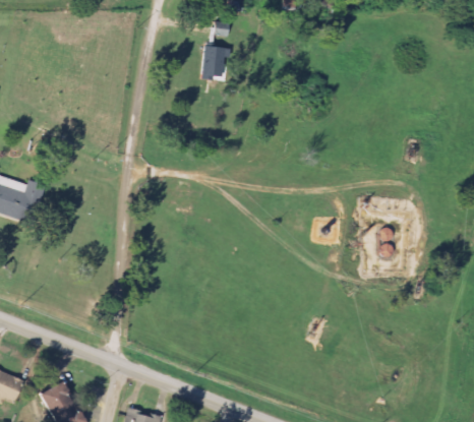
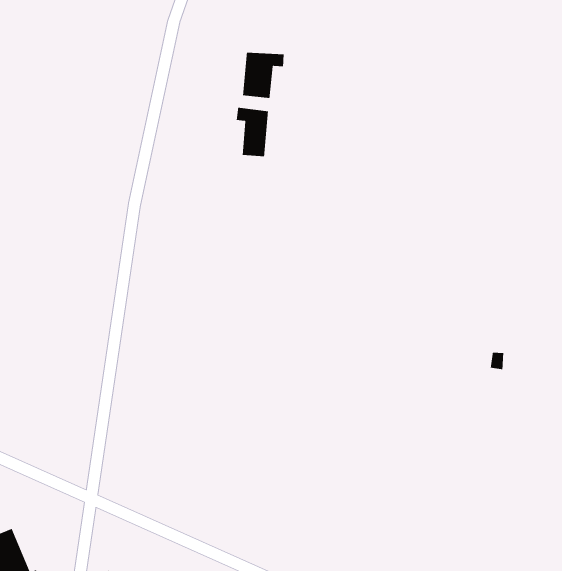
building: none -> [236,107,269,157]

